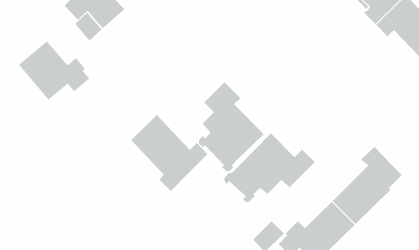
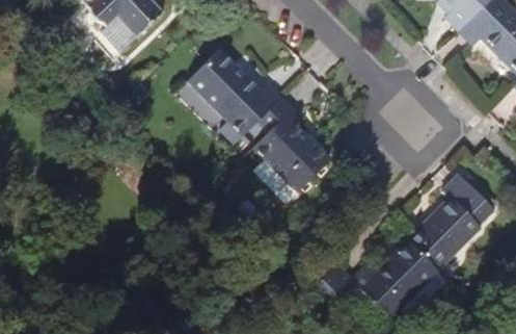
building: [18,41,90,100] -> none
building: [131,114,208,192] -> [189,51,281,144]
building: [224,133,316,203] -> none

